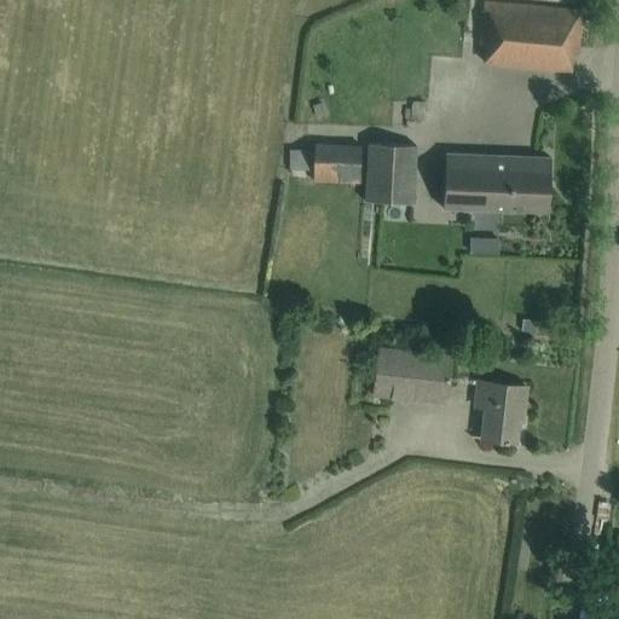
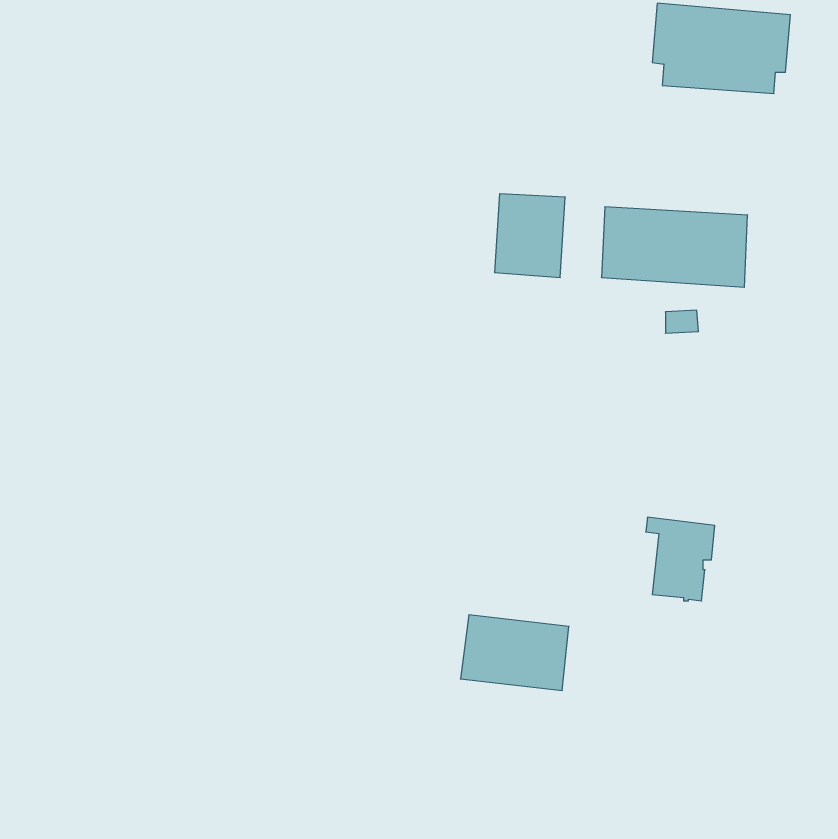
building: [314,144,363,183] -> none
building: [372,348,452,404] -> [460,615,569,690]

